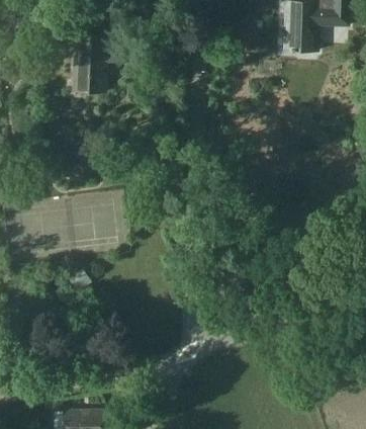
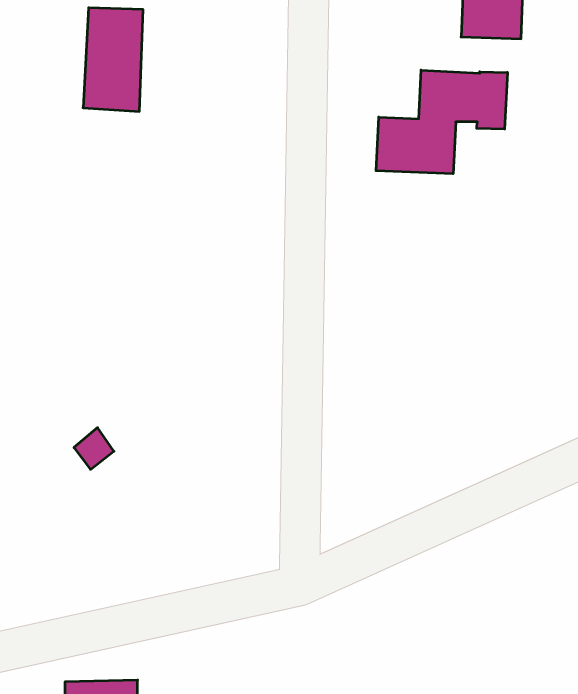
building: none -> [376,70,507,174]

